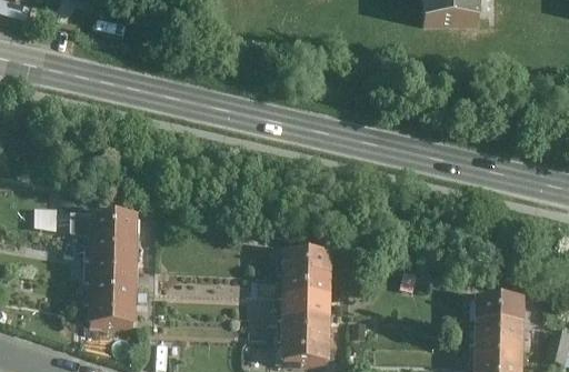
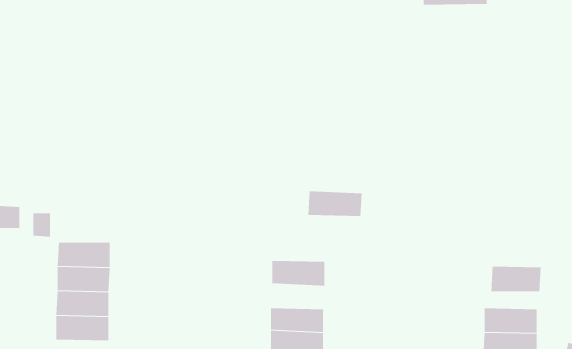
building: [90,214,139,238] -> none
building: none -> [491,266,541,292]
building: [283,275,333,299] -> [307,191,362,216]

